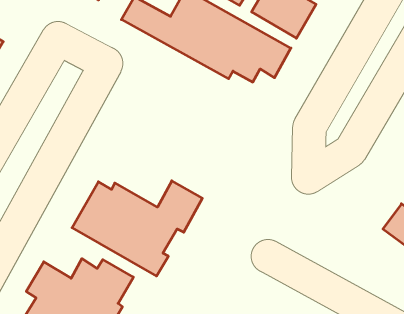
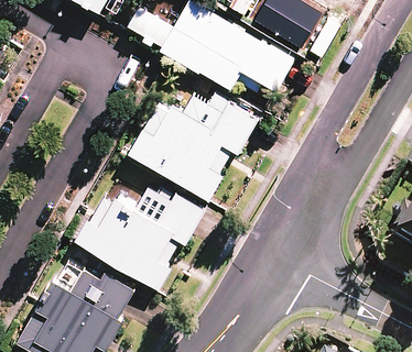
building: none -> [130,94,258,196]

